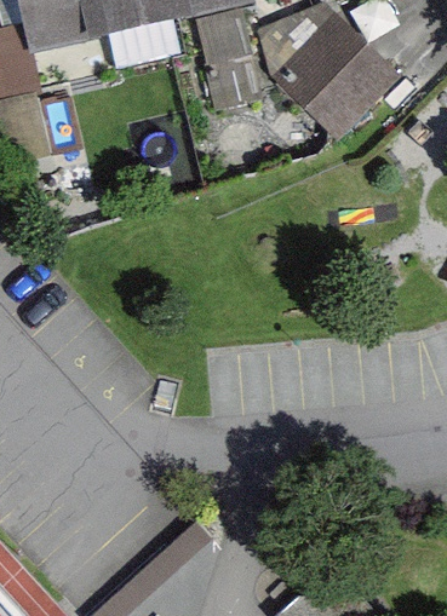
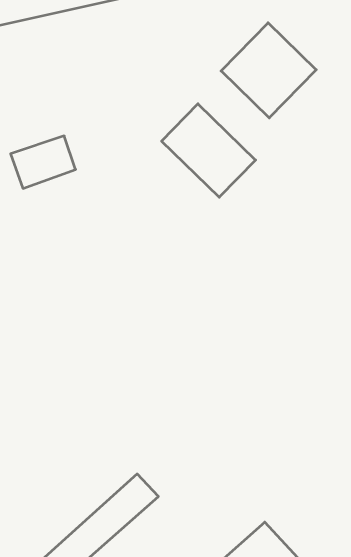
building: none -> [162,104,256,197]

